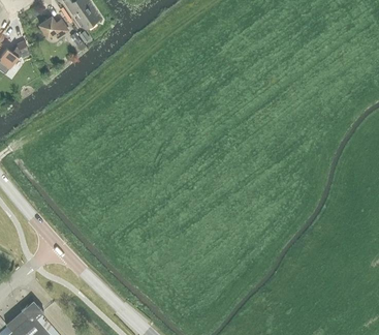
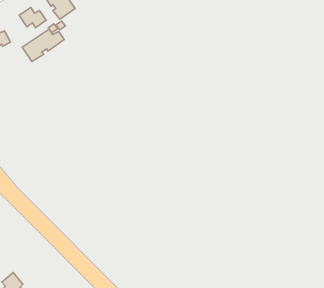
building: none -> [22,29,64,62]

